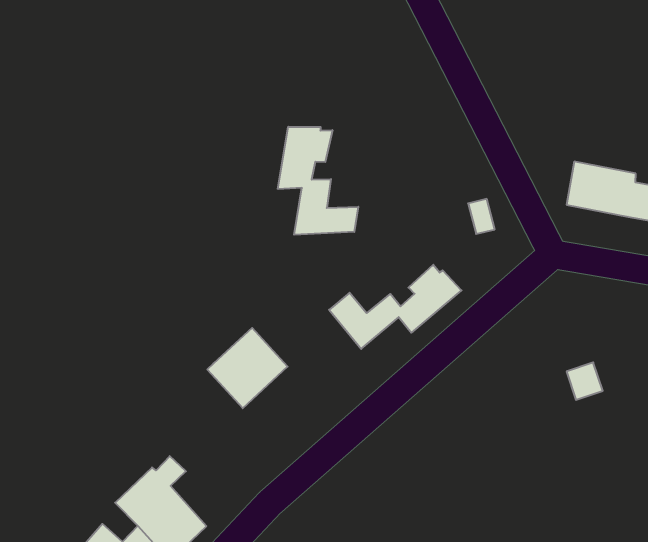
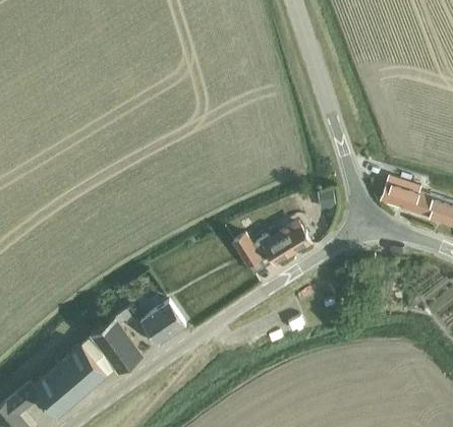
building: [278,127,358,235] -> none
building: [207,328,288,408] -> [138,301,185,347]

